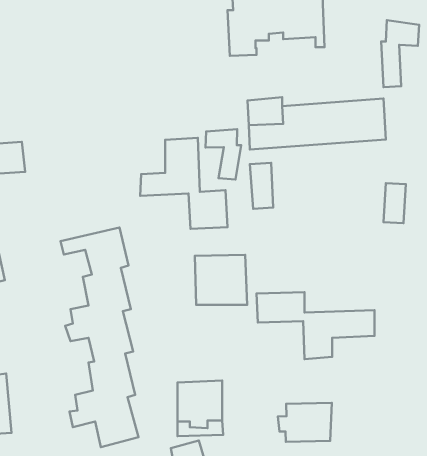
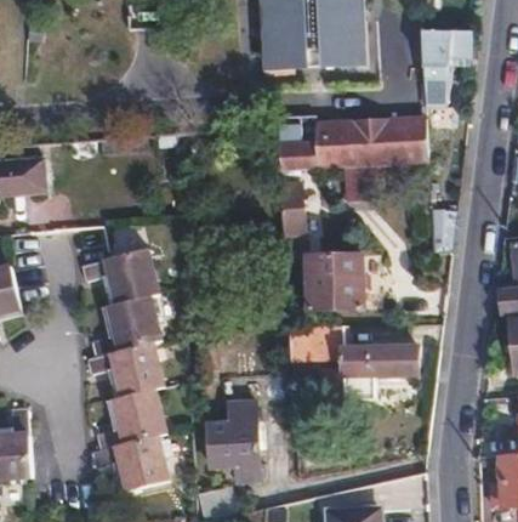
building: [206,129,241,180] -> none
building: [140,138,227,229] -> none
building: [195,255,247,305] -> [312,251,369,306]
building: [278,403,332,442] -> none

